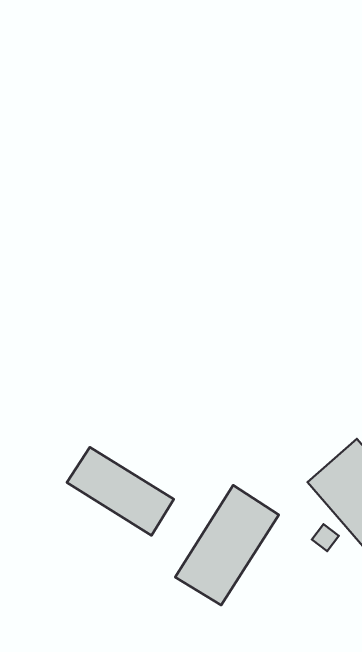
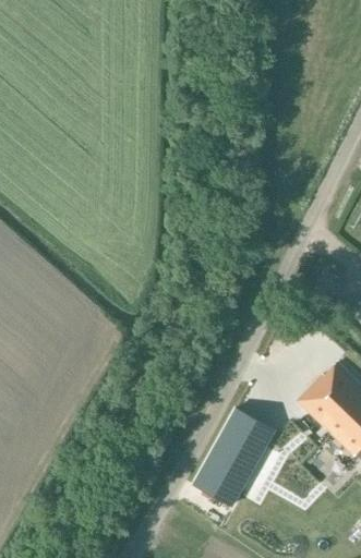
building: [67,447,174,536] -> none

